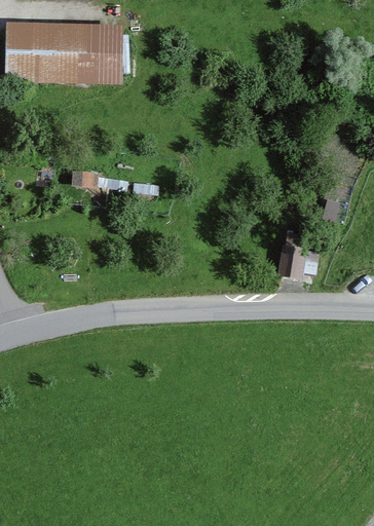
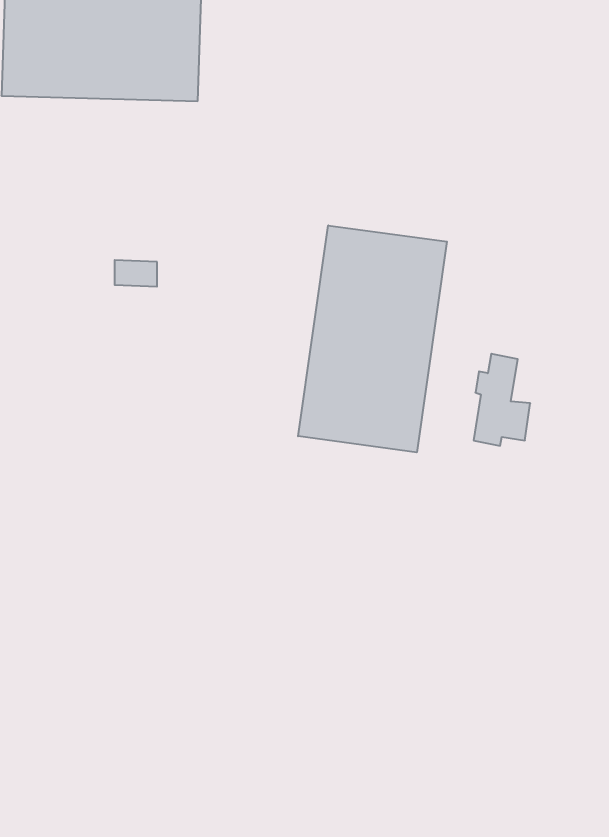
building: none -> [298,225,447,452]

